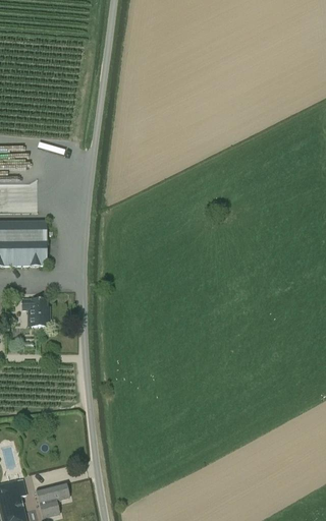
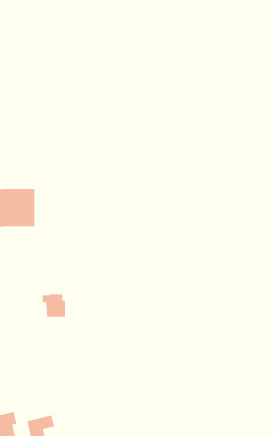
building: [21,297,49,325] -> [42,294,66,317]

